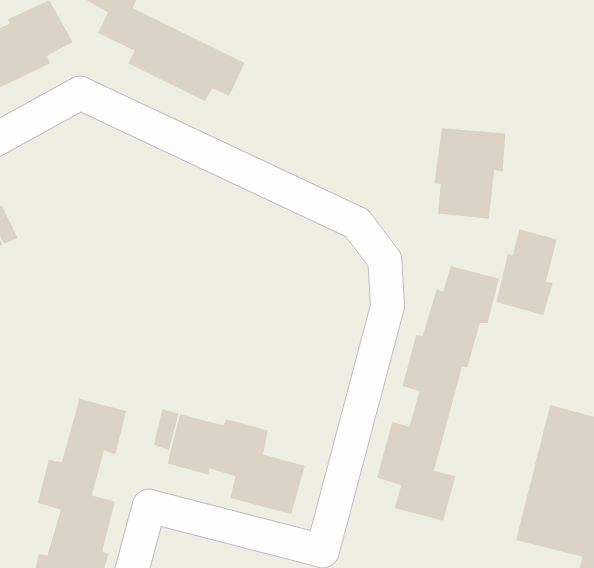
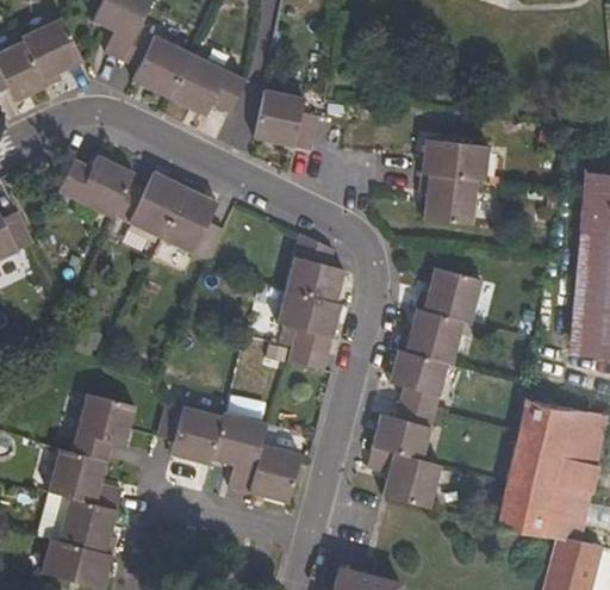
building: none -> [253,89,317,151]
building: none -> [60,154,223,260]
building: none -> [278,232,344,369]
building: [496,229,558,316] -> none

